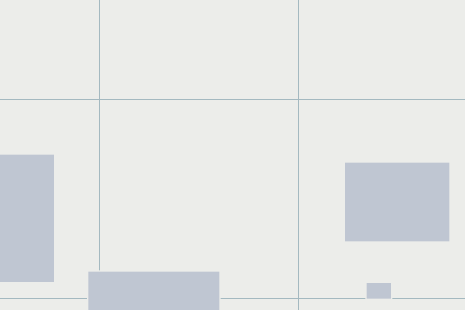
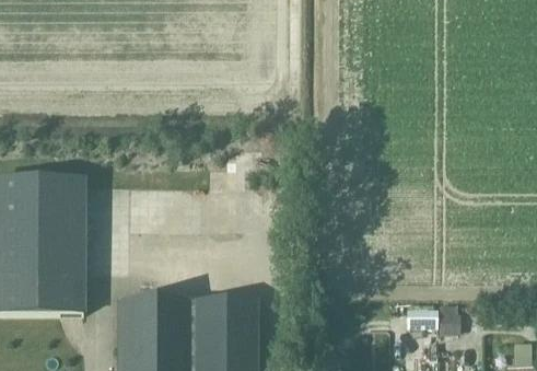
building: [345,162,450,242] -> none
building: none -> [440,301,460,331]

